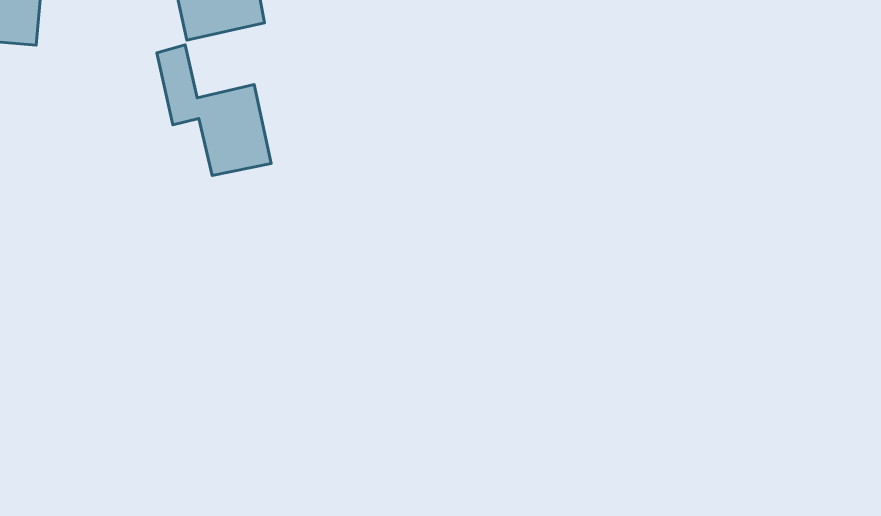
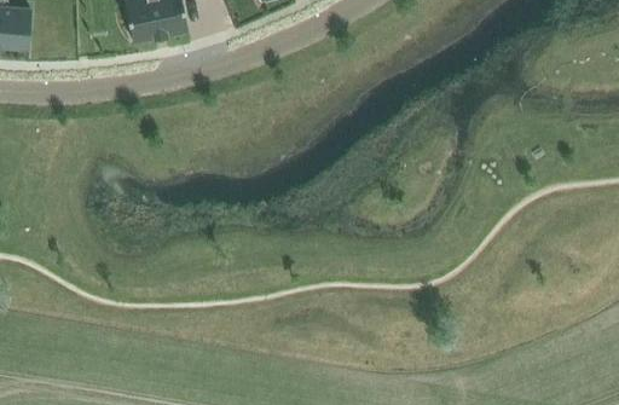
building: [157,45,271,176] -> none

